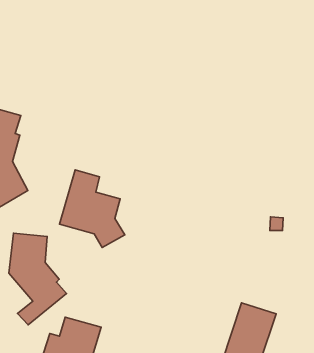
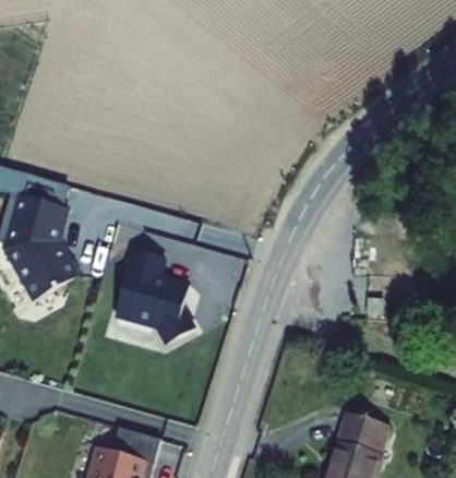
building: [9,233,67,325] -> none

